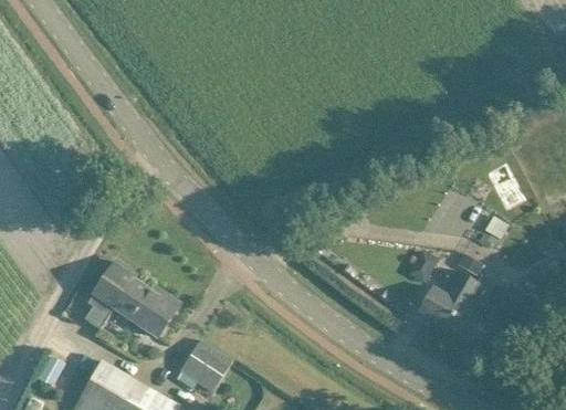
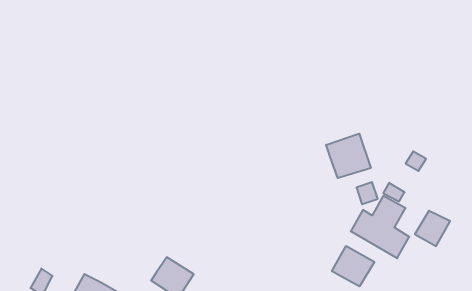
building: none -> [326,134,371,178]
building: [83,261,179,337] -> none
building: none -> [332,246,374,286]

